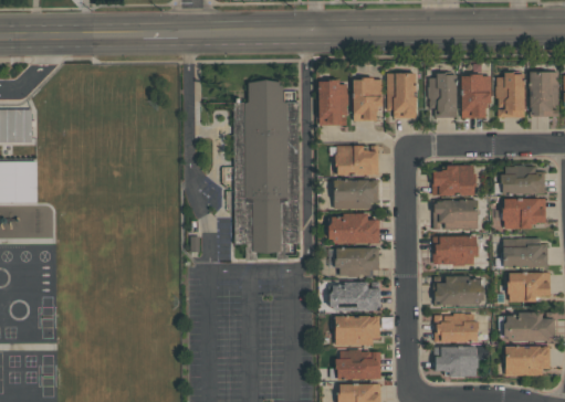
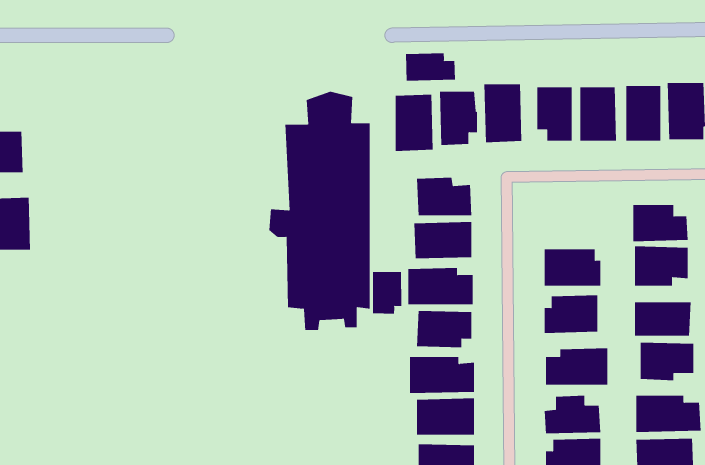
building: none -> [405,53,455,81]
building: [431,165,474,195] -> none
building: none -> [373,271,402,314]

